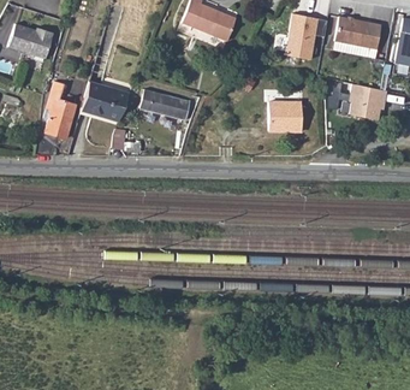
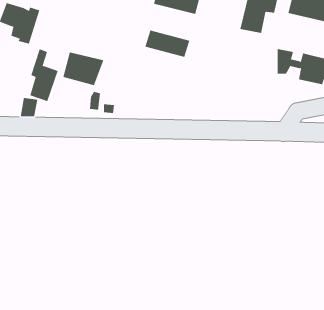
building: [138,88,190,119] -> [144,30,190,58]
building: [267,100,301,130] -> none

